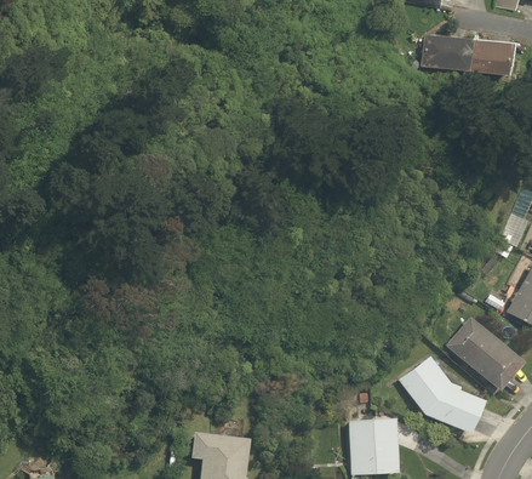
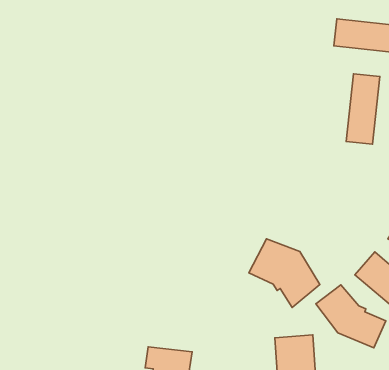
building: none -> [346,74,380,144]
building: none -> [249,239,320,308]

